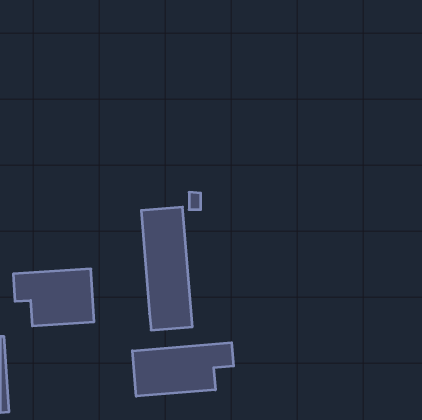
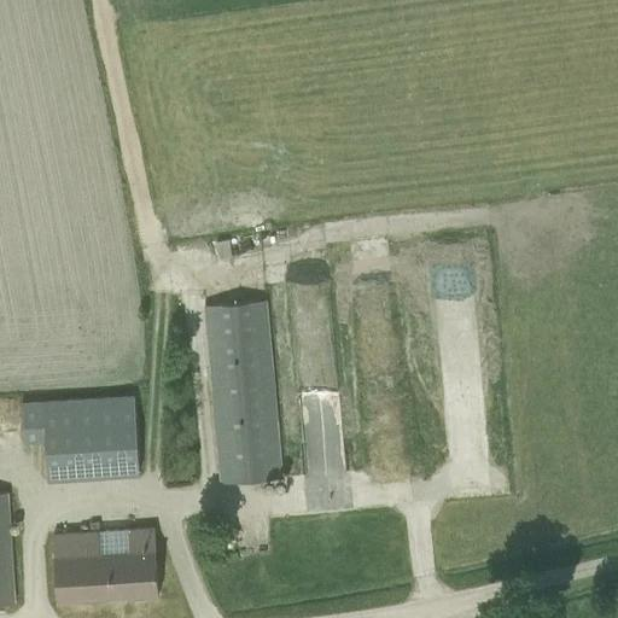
building: [132,343,234,396] -> none
building: none -> [52,529,158,602]

